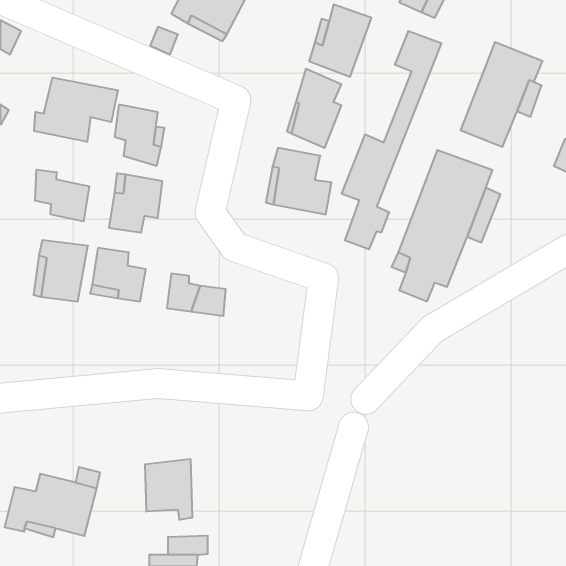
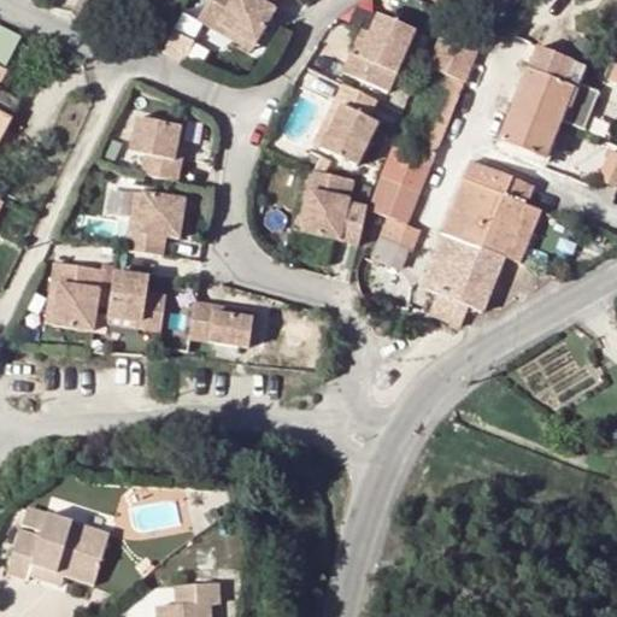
building: [34,78,118,142] -> none
building: [35,170,89,221] -> none
building: [145,459,192,520] -> none

